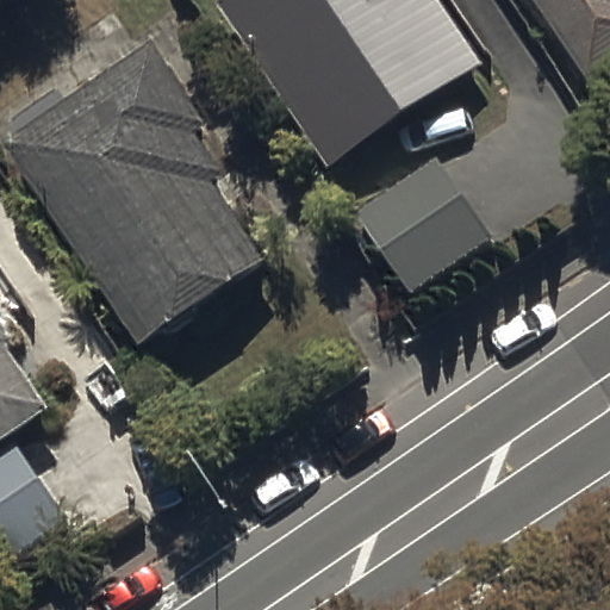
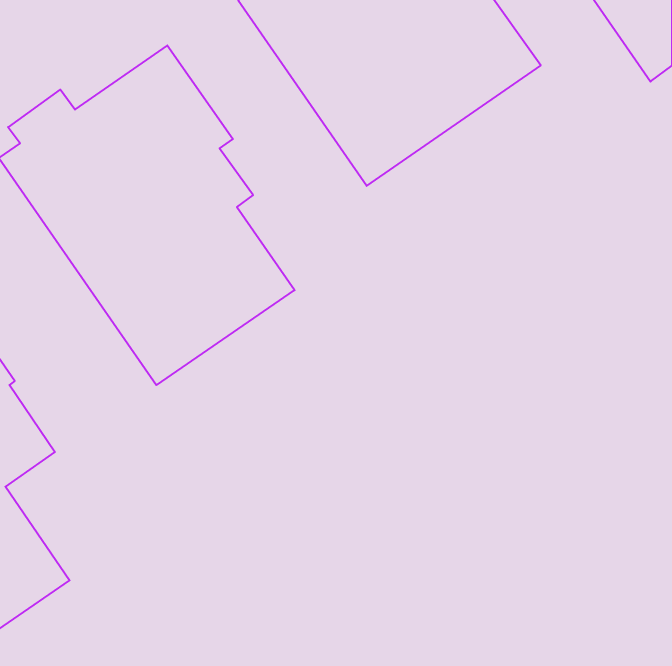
building: [347,151,490,293] -> none

